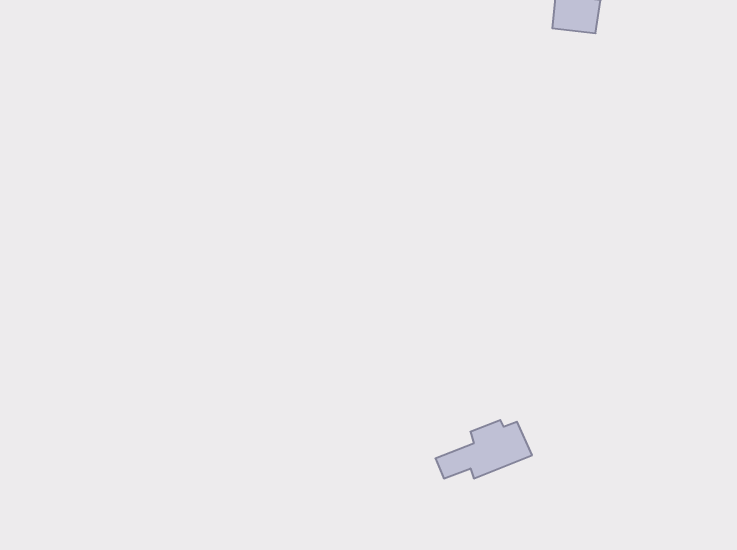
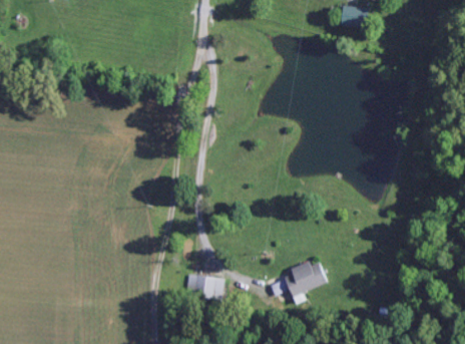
building: none -> [185,274,223,300]

